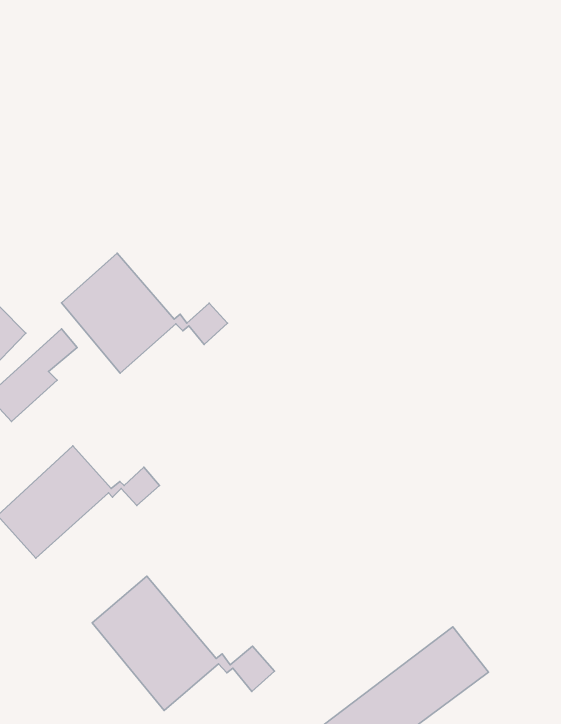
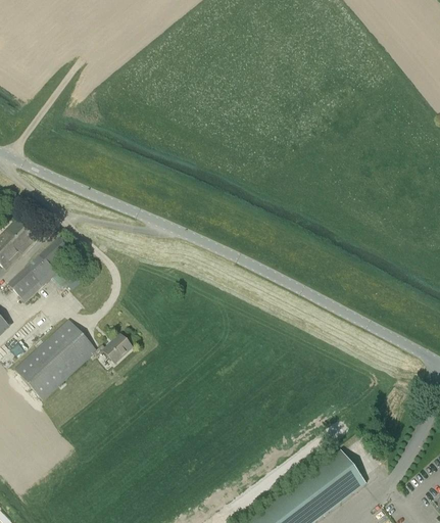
building: [61,253,227,373] -> none
building: [92,576,274,711] -> none

